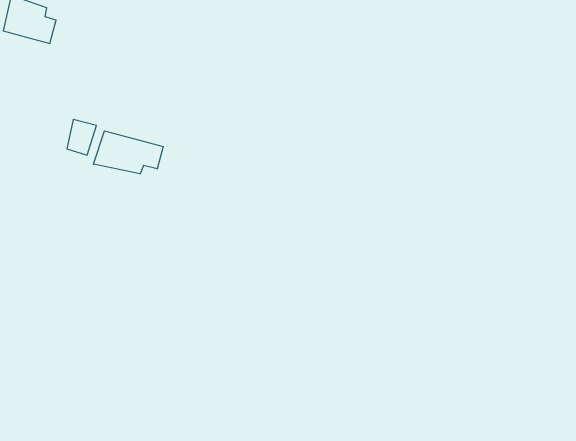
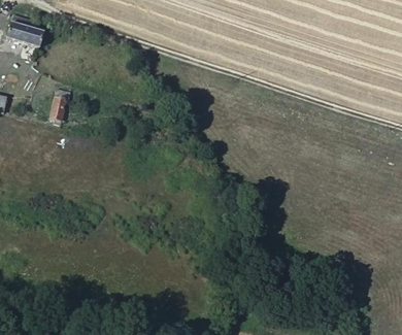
building: [93,131,163,174] -> none

